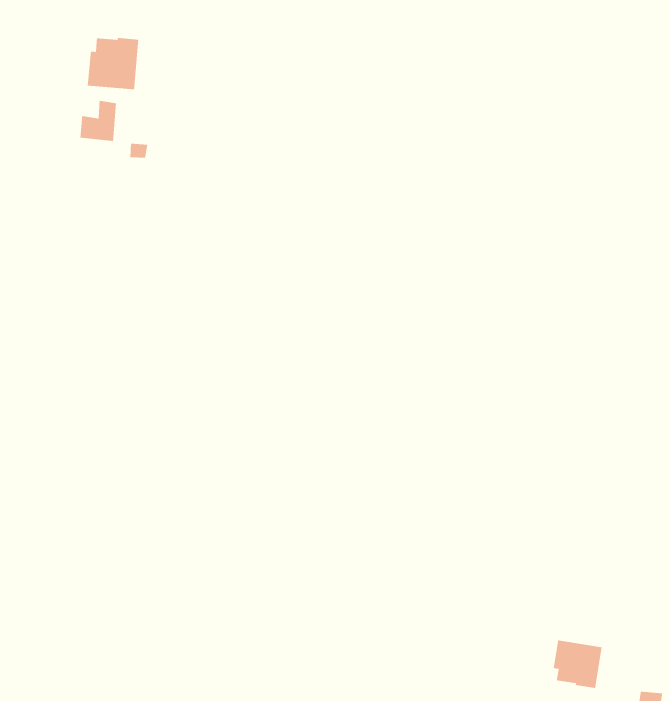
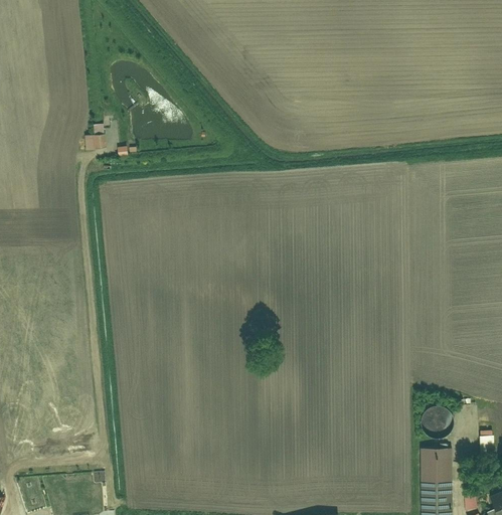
building: [87,37,139,90] -> none

